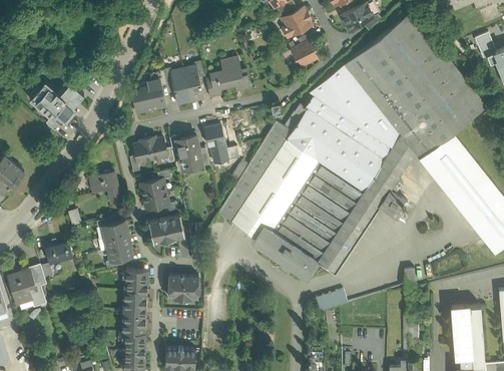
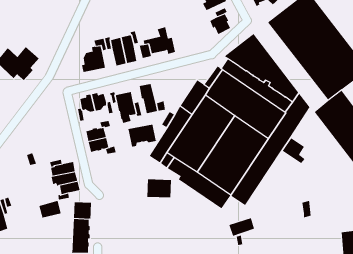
building: [345,52,435,161] -> none
building: [89,172,120,204] -> none
building: [147,216,184,245] -> [127,123,157,147]
building: [44,242,72,264] -> [39,200,62,218]
building: [167,276,198,299] -> [147,179,172,198]

